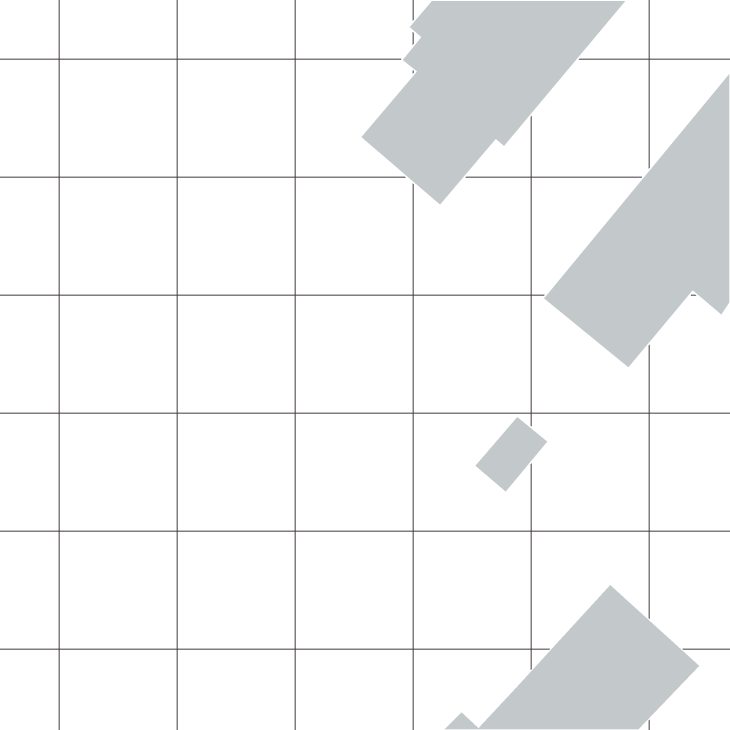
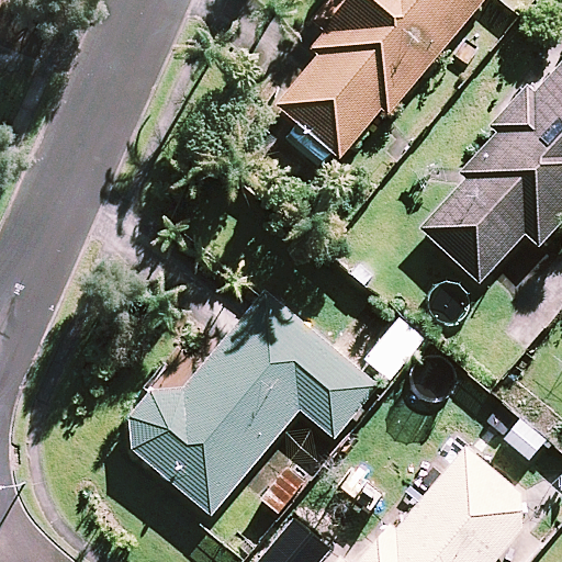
building: none -> [128,294,378,515]

